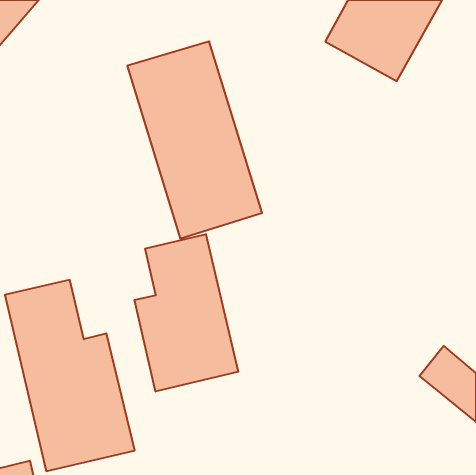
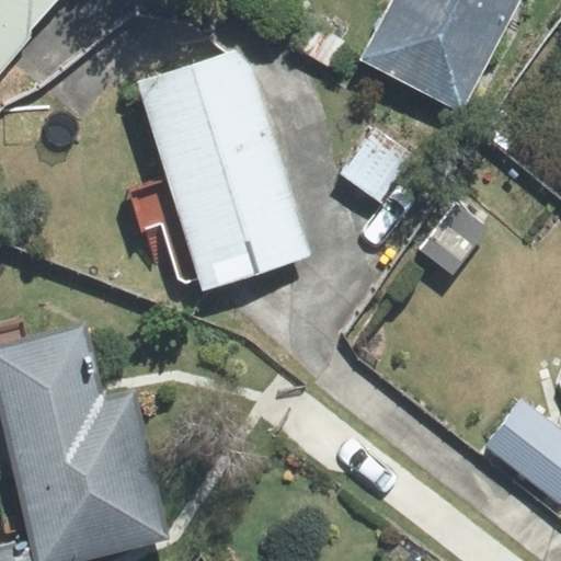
building: [135,234,238,391] -> none

